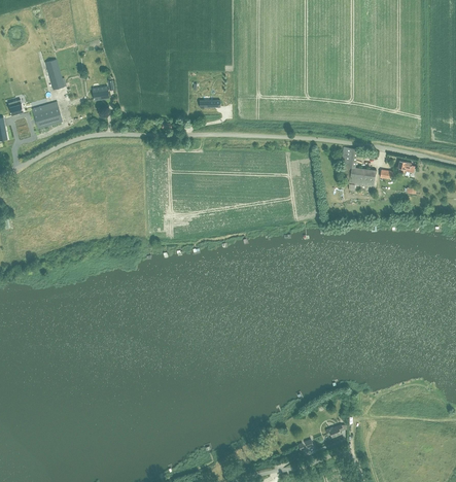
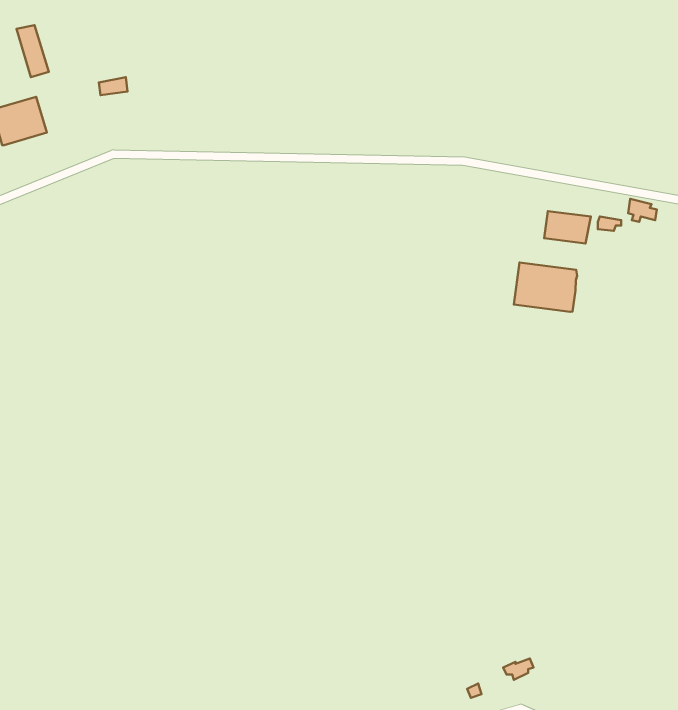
building: none -> [514,263,577,312]

